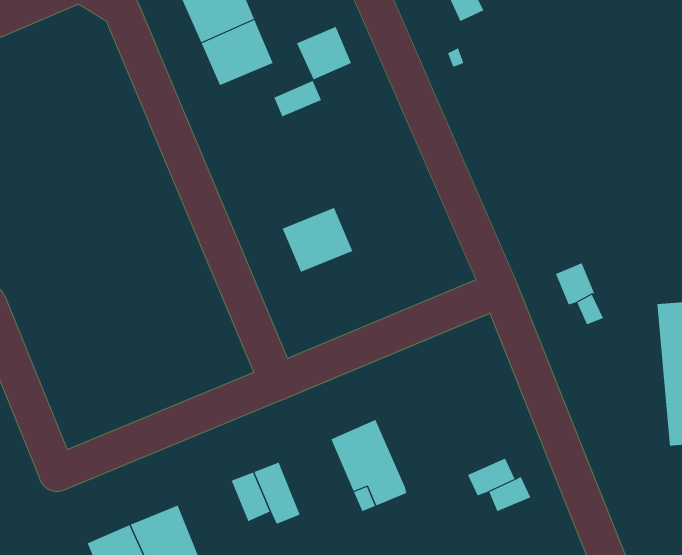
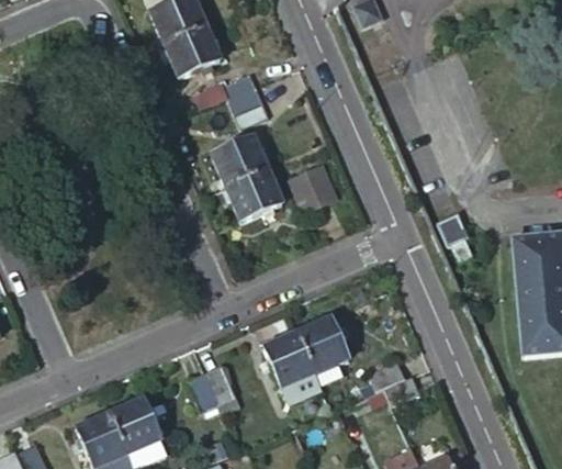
building: [296,26,352,80] -> [226,87,269,129]
building: none -> [212,135,267,186]
building: none -> [289,164,336,210]
building: none -> [299,319,351,386]

